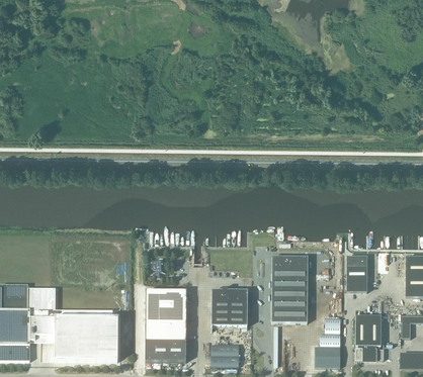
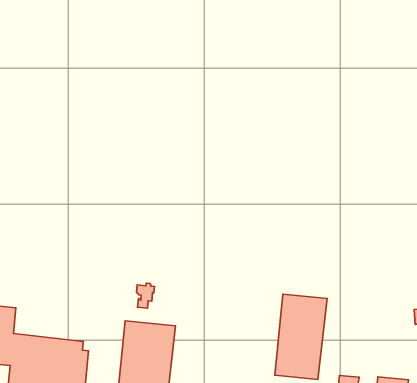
building: [346,256,366,291] -> none
building: [210,288,247,331] -> none

